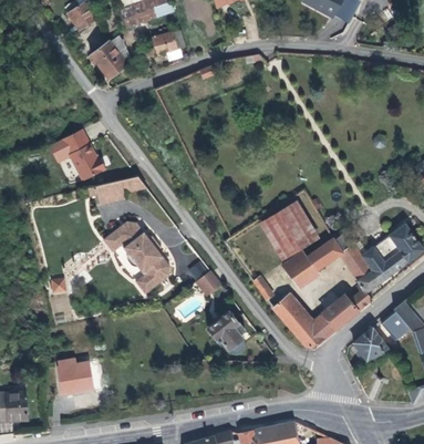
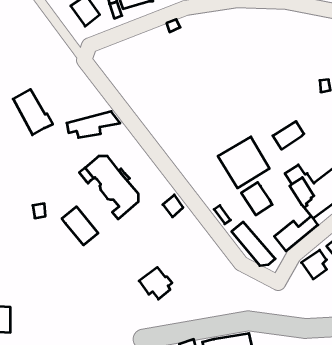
building: [62,128,107,180] -> [13,89,53,135]
building: [308,239,343,271] -> [273,121,304,149]
building: none -> [62,207,98,245]
building: [288,292,337,339] -> none
building: [205,310,242,347] -> [139,267,172,299]
building: [54,358,91,394] -> none

